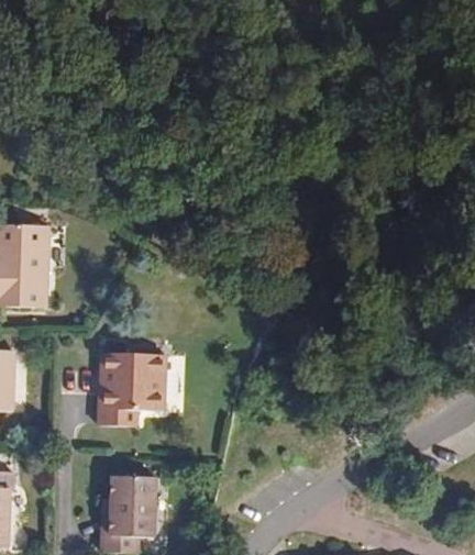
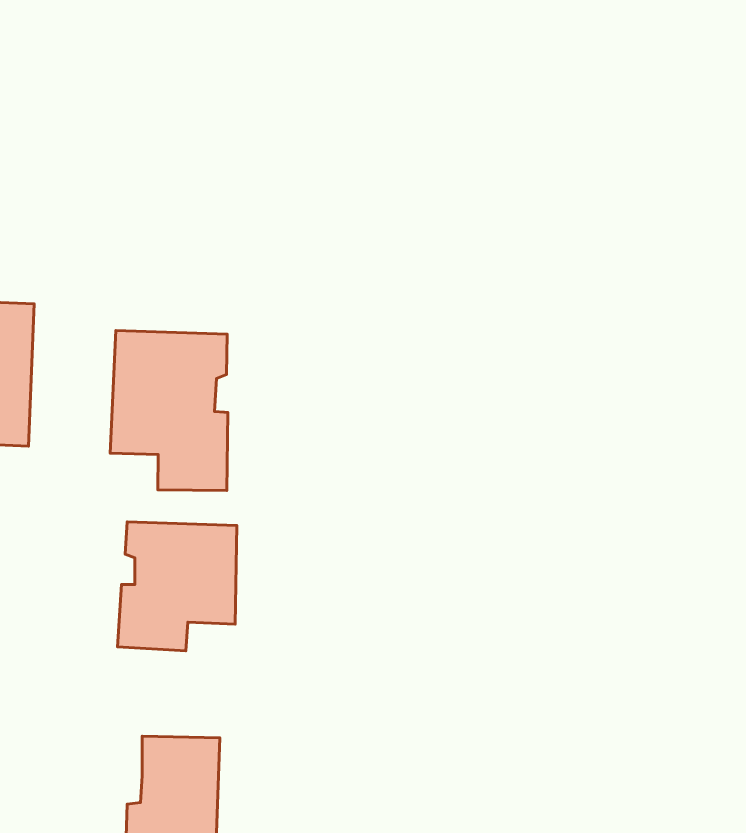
building: none -> [110,330,228,490]

